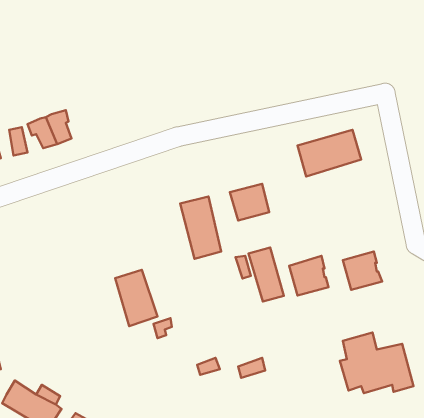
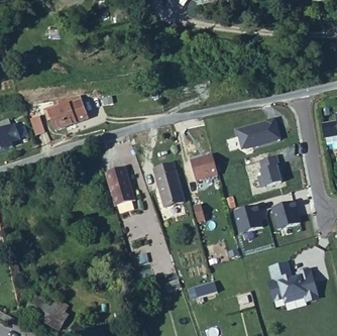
building: none -> [257,153,284,187]
building: [248,247,284,301] -> none
building: [115,270,158,326] -> [104,165,134,206]

